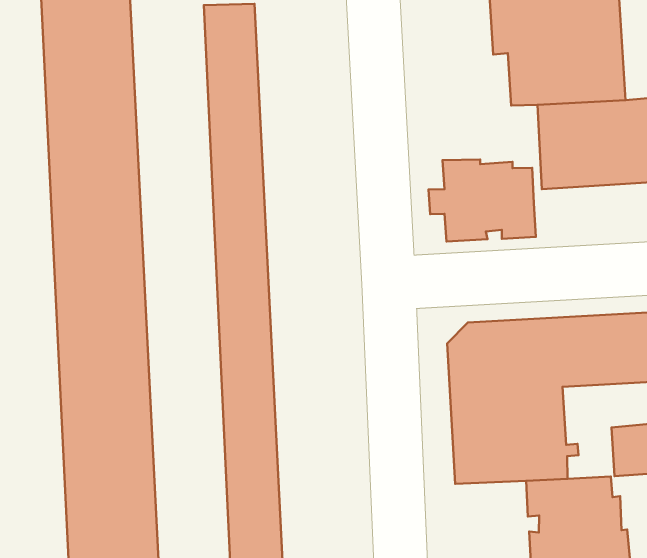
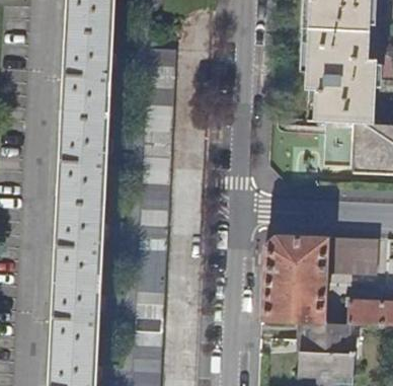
building: [428,159,536,241] -> none

